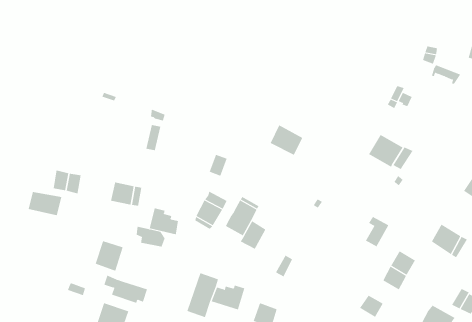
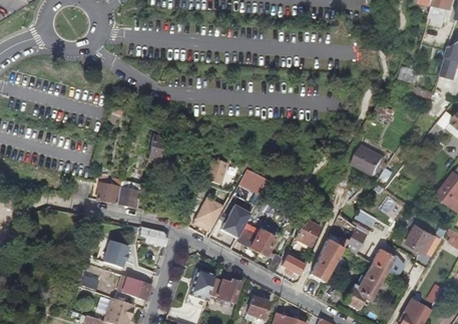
building: [270,124,303,155] -> [239,168,269,196]
building: [28,191,62,216] -> [90,183,121,205]
building: [149,208,178,235] -> none
building: none -> [294,220,320,247]
building: none -> [249,231,275,258]
building: none -> [311,236,349,282]
building: none -> [281,251,306,276]
building: none -> [351,275,379,301]

